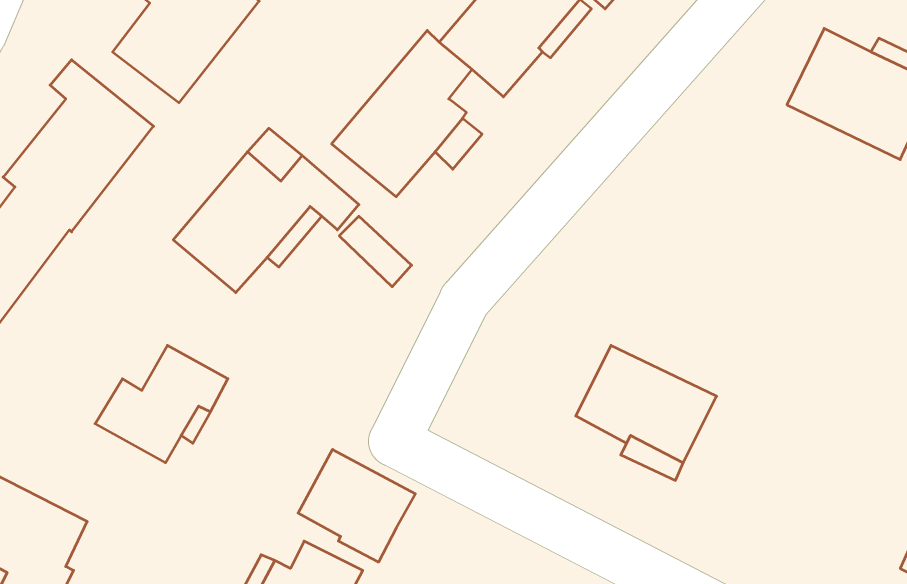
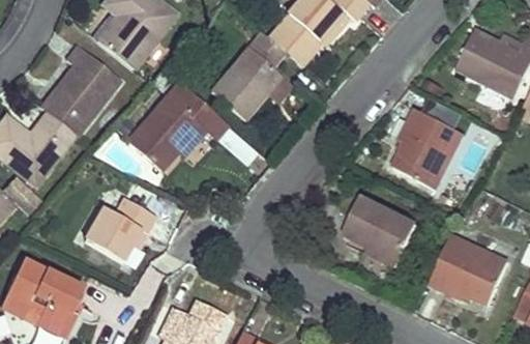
building: none -> [391,109,463,189]
building: none -> [428,231,509,300]
building: [298,449,415,562] -> none

